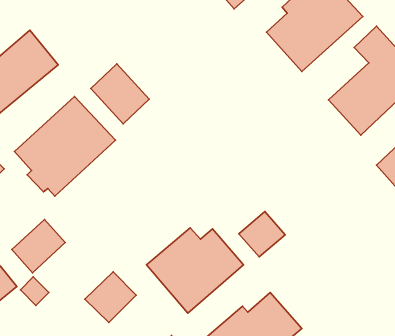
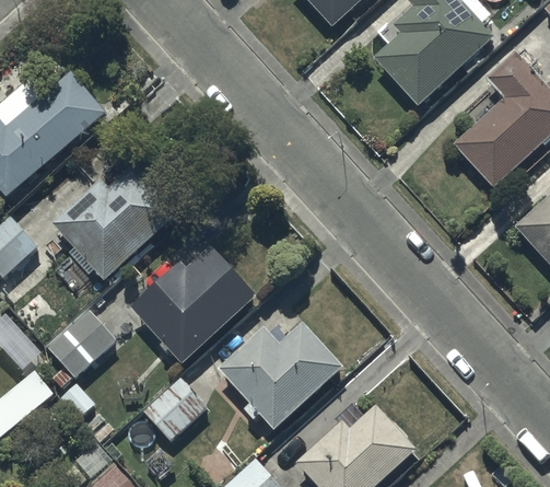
building: [91,64,149,124] -> none
building: none -> [129,242,257,361]
building: [239,212,285,257] -> none

